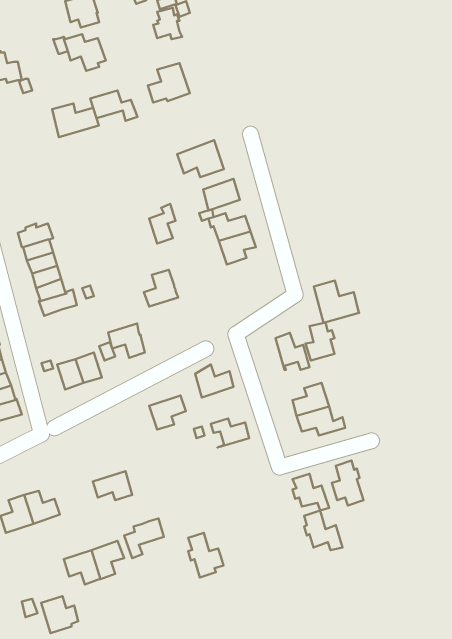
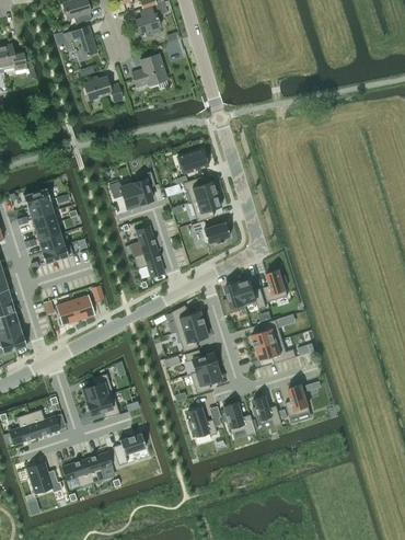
building: [52,104,99,137] -> none
building: [177,140,224,177] -> none
building: none -> [108,180,139,208]
building: none -> [190,220,229,244]
building: [314,281,359,323] -> none
building: [108,323,145,358] -> [132,249,163,277]
building: none -> [222,283,245,314]
building: [149,395,186,430] -> [176,323,207,352]
building: none -> [189,366,220,393]
building: none -> [82,374,113,402]
building: [304,511,342,550] -> [223,402,255,435]
building: [188,533,224,577] -> [187,406,217,444]
building: [41,596,78,633] -> [26,462,57,493]

